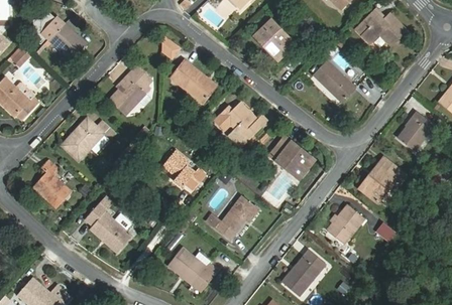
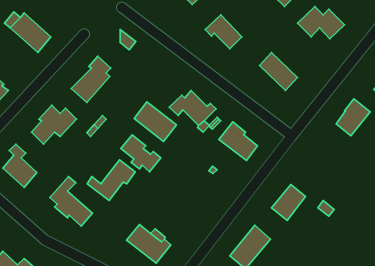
building: [171,59,217,103] -> [134,102,176,141]
building: [361,157,406,201] -> none
building: [206,195,258,240] -> [87,160,135,201]

